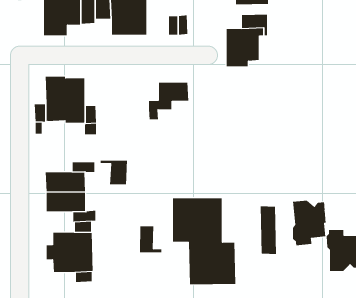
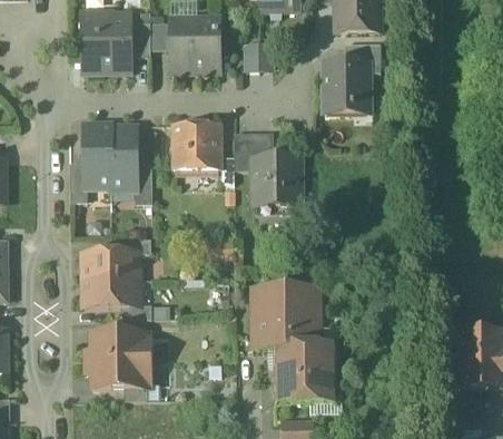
building: none -> [172,124,220,169]
building: none -> [253,157,302,206]
building: [100,160,128,185] -> none
building: [292,200,326,246] -> none
building: [260,206,276,255] -> none
building: [139,226,162,253] -> none

